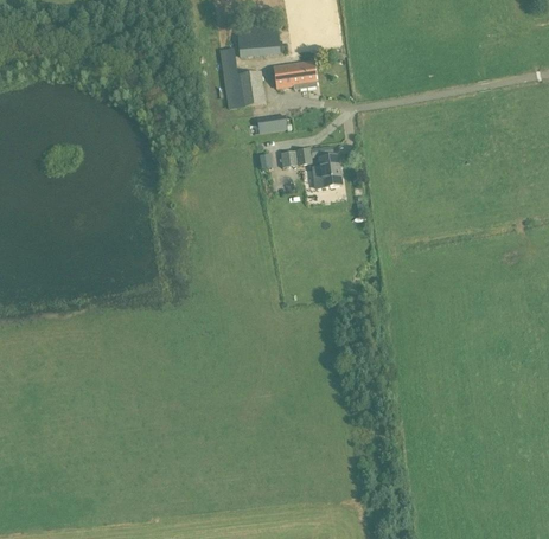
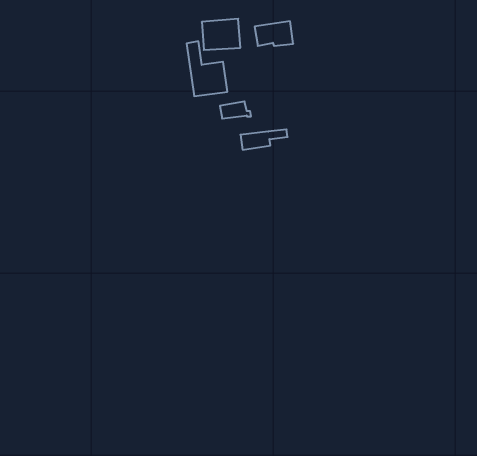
building: [273,60,315,88] -> [255,21,293,46]
building: [311,154,341,188] -> none

